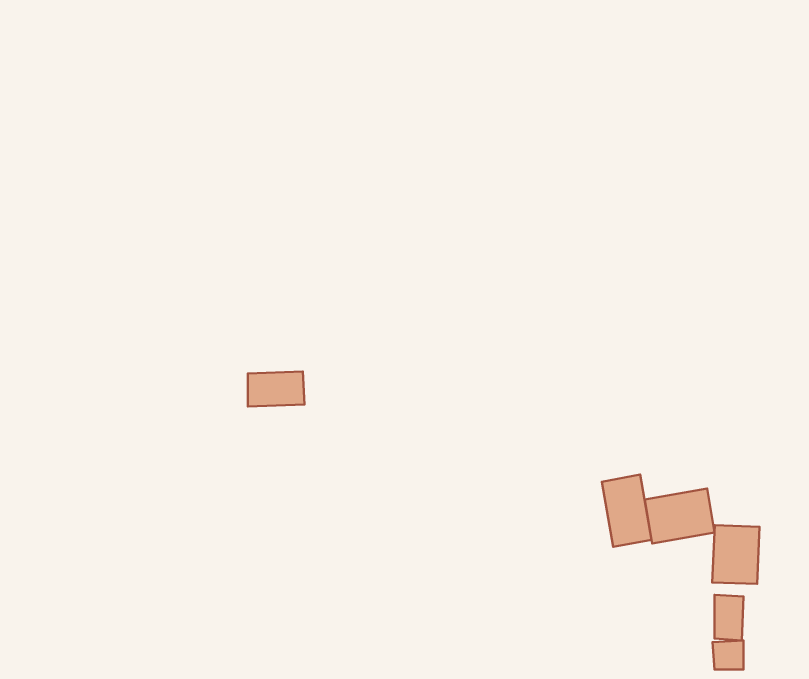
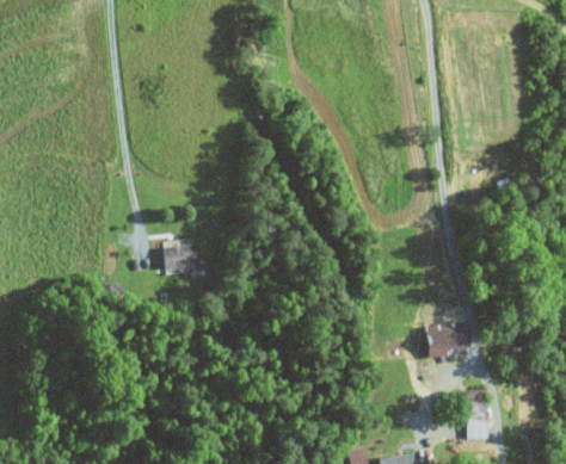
building: [602,474,652,547] -> none
building: [712,525,759,584] -> none

